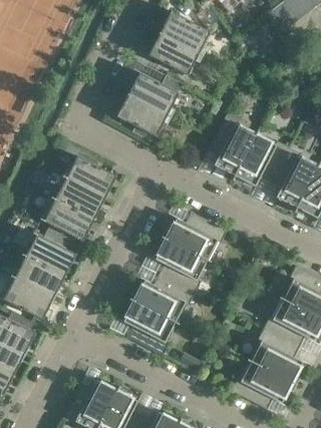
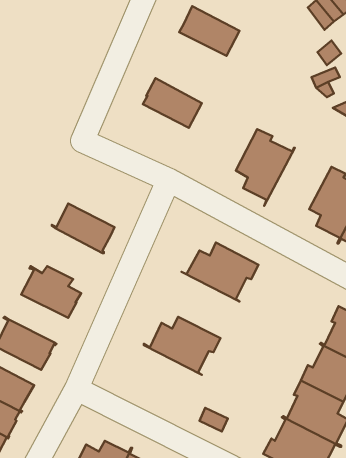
building: [147,31,202,75] -> none
building: [115,93,171,139] -> none
building: [231,130,288,185] -> none
building: [61,154,115,198] -> none
building: [39,198,93,242] -> none
building: [153,236,210,292] -> none
building: [13,253,65,296] -> none
building: [121,298,178,355] -> none

